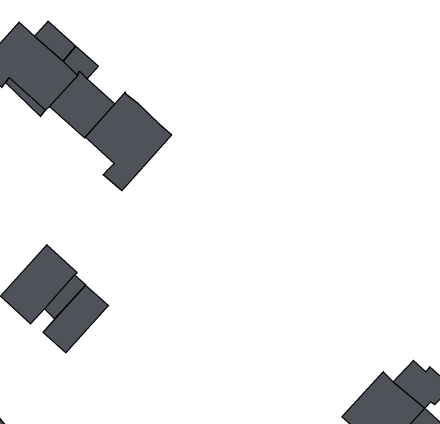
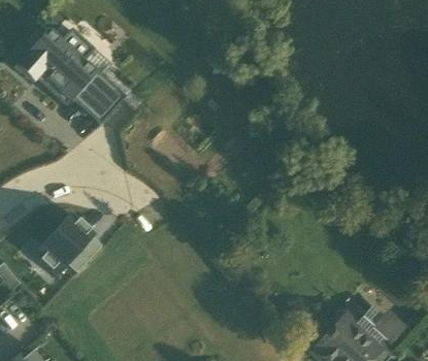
building: [85,92,172,191] -> none
building: [43,285,109,353] -> none

